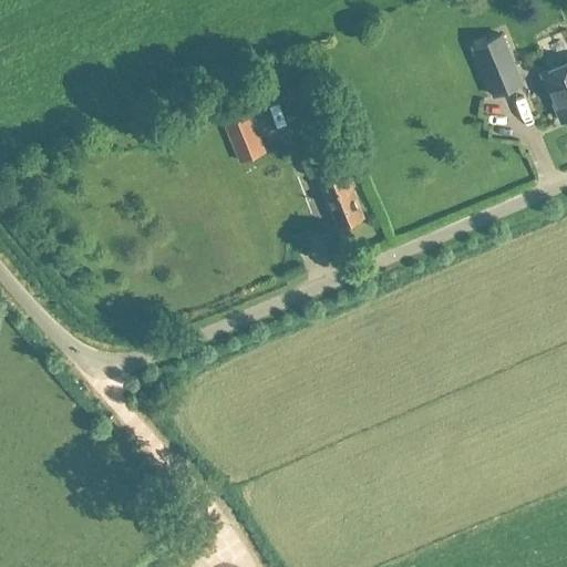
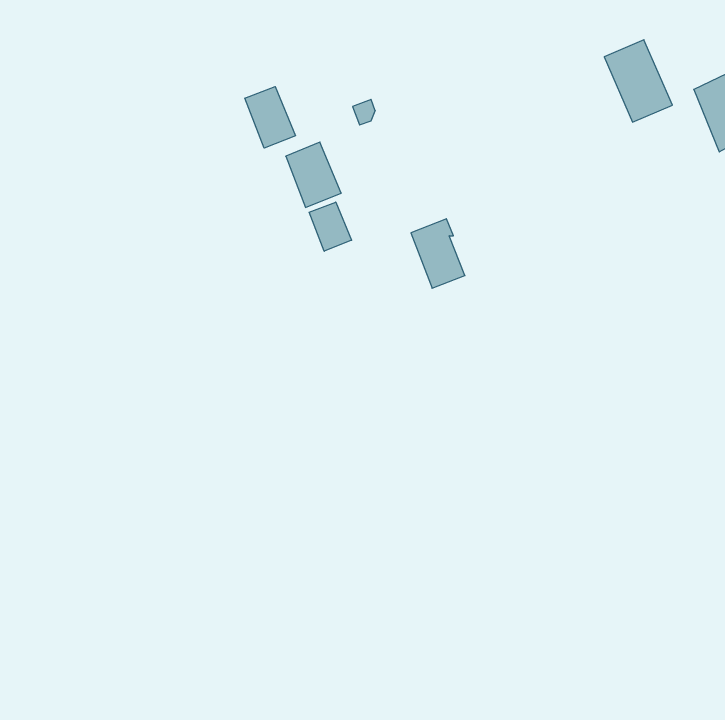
building: none -> [245,87,295,148]
building: none -> [309,202,352,251]

